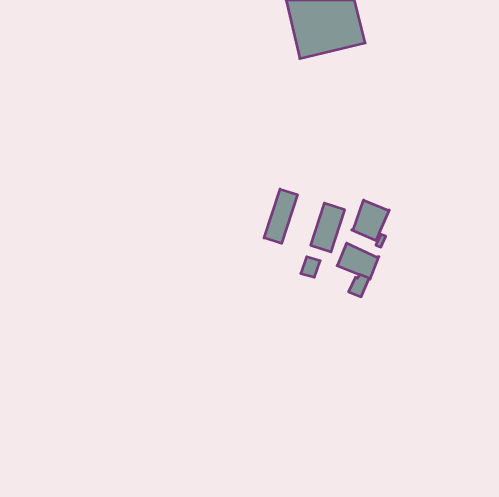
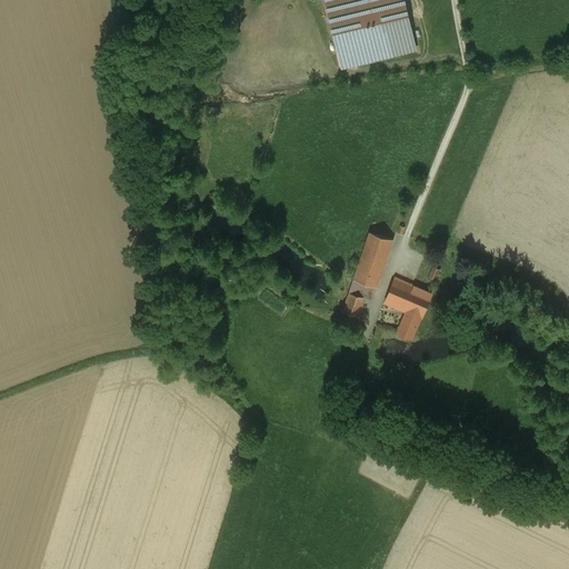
building: [264,189,297,243] -> none
building: [352,200,389,241] -> none

